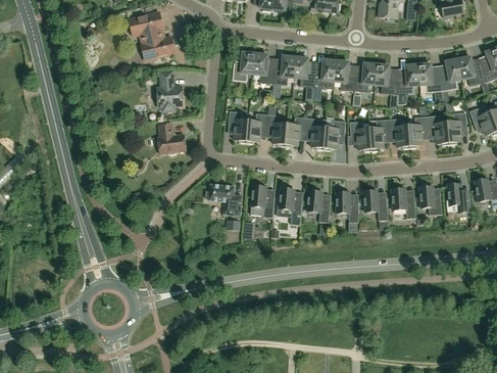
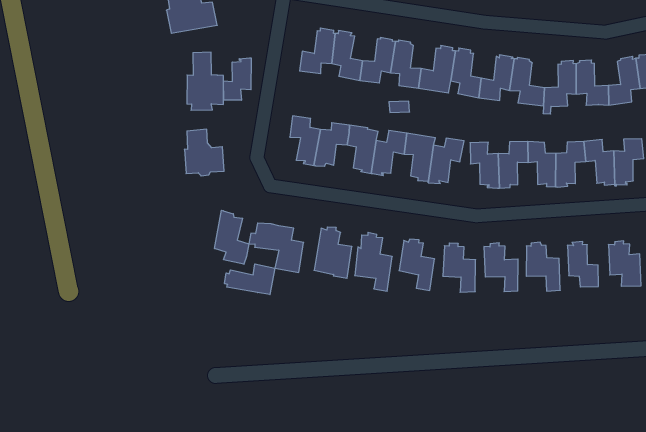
building: none -> [223,58,251,100]
building: none -> [215,210,249,264]
building: none -> [225,264,275,295]

